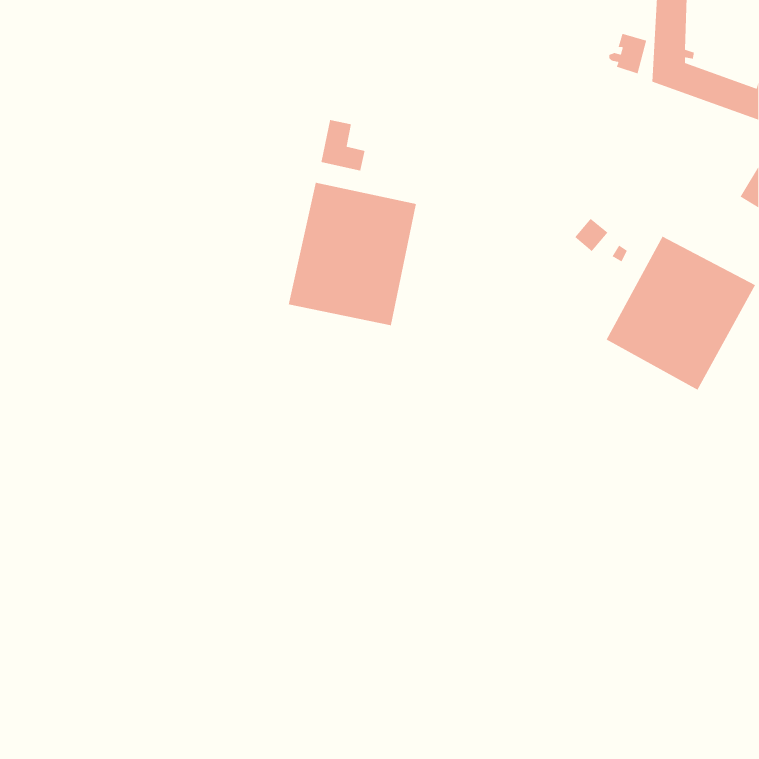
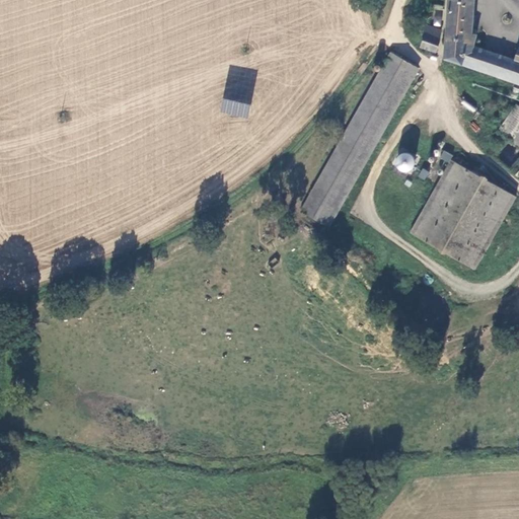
building: none -> [302,52,417,226]
building: [288,182,417,326] -> none

